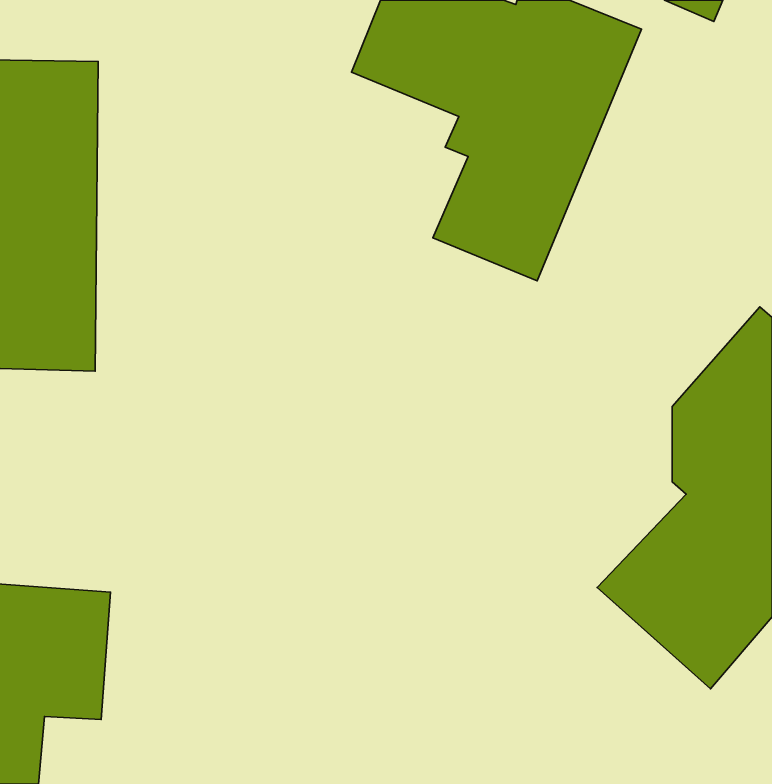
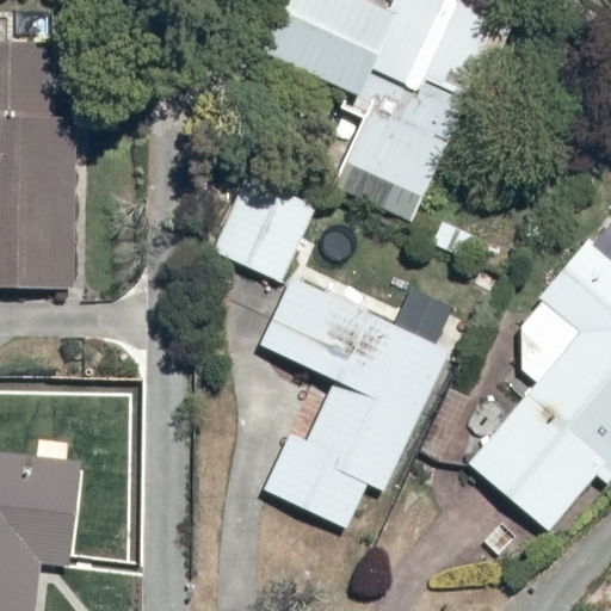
building: none -> [209,172,319,288]
building: none -> [258,271,453,526]

